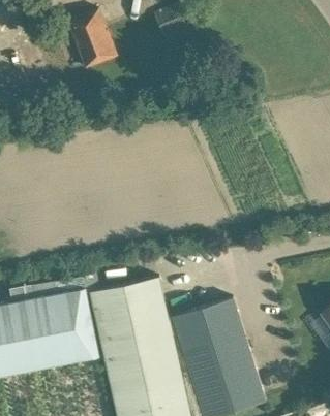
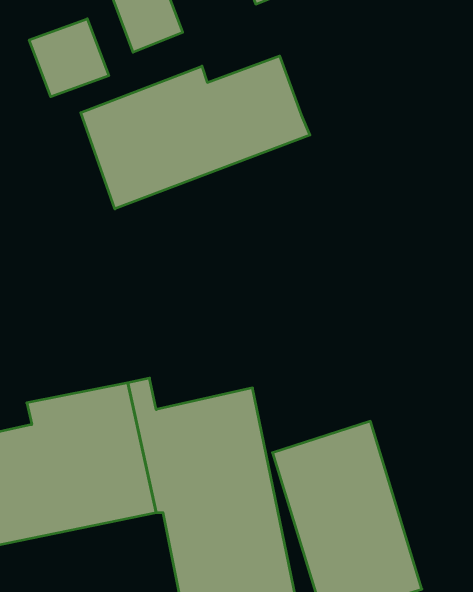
building: none -> [29,19,109,97]
building: none -> [81,56,310,209]

